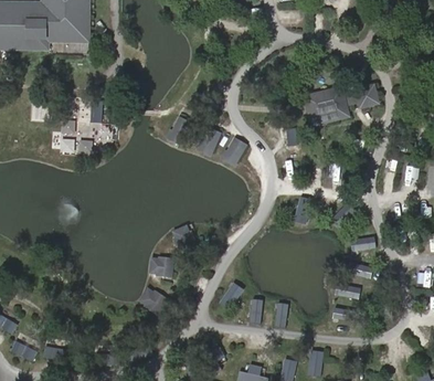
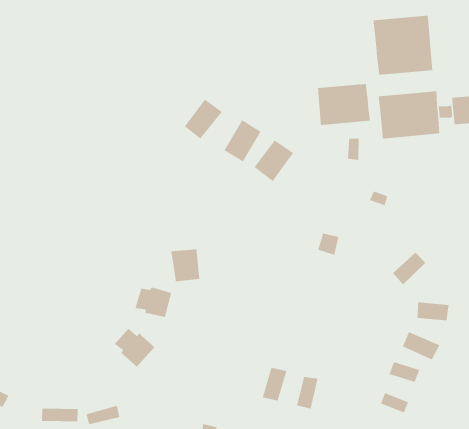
building: none -> [373,15,433,75]
building: none -> [317,83,371,126]

